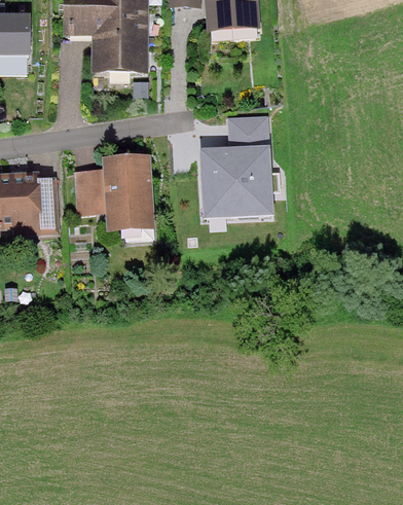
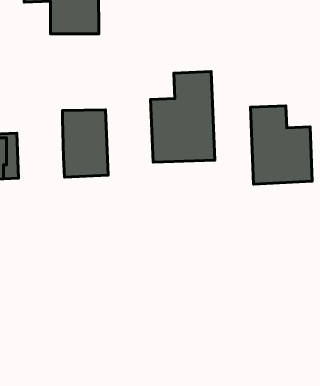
building: none -> [250,106,312,184]
building: [76,168,106,211] -> none

